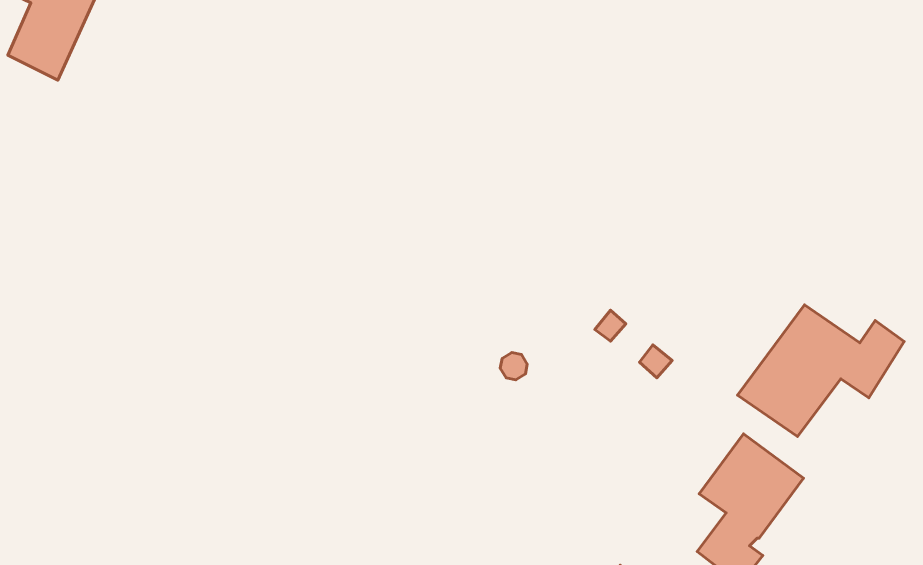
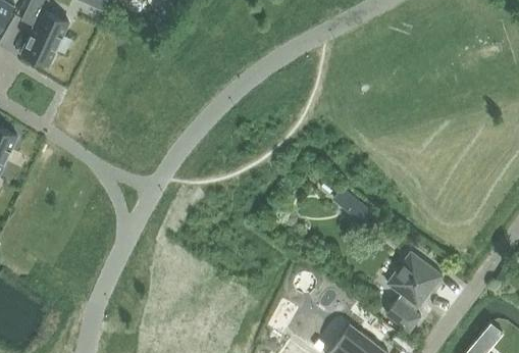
building: [737,305,904,436] -> none

